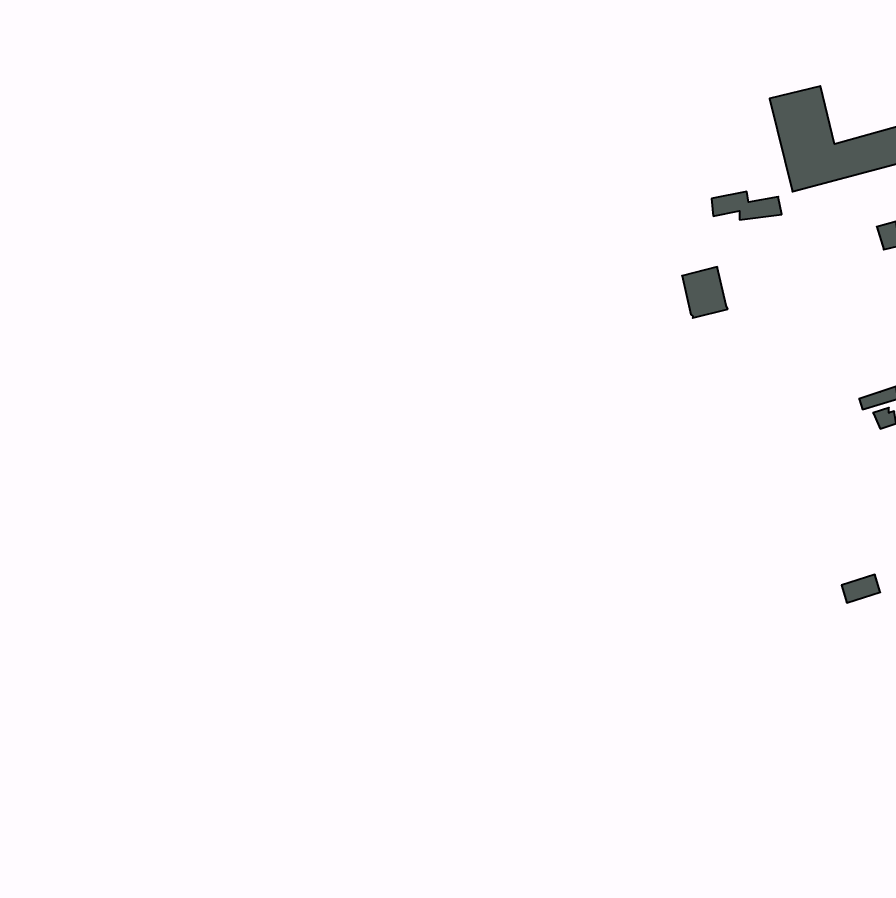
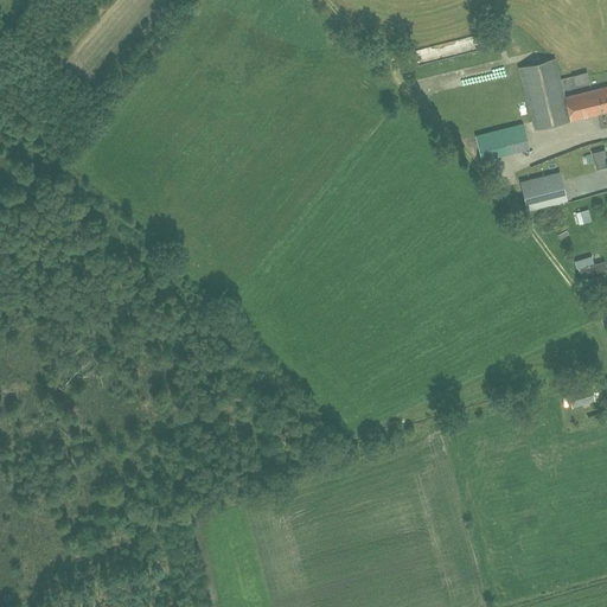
building: [682,267,728,318] -> [522,177,552,211]

